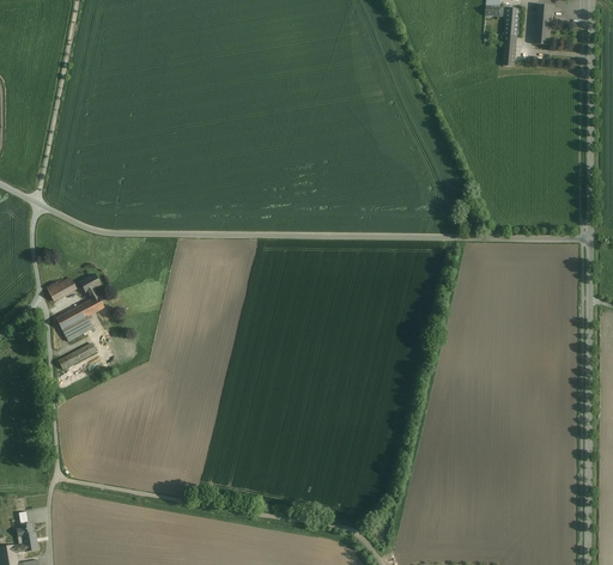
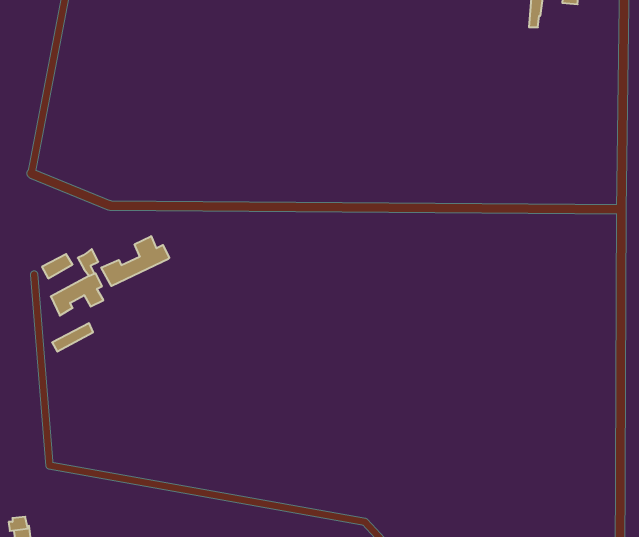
building: none -> [101,236,169,286]

